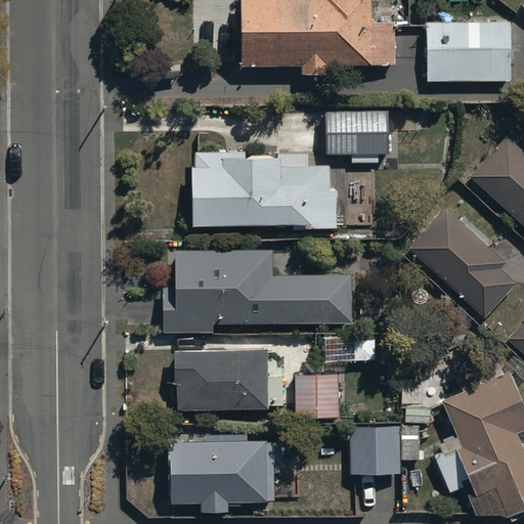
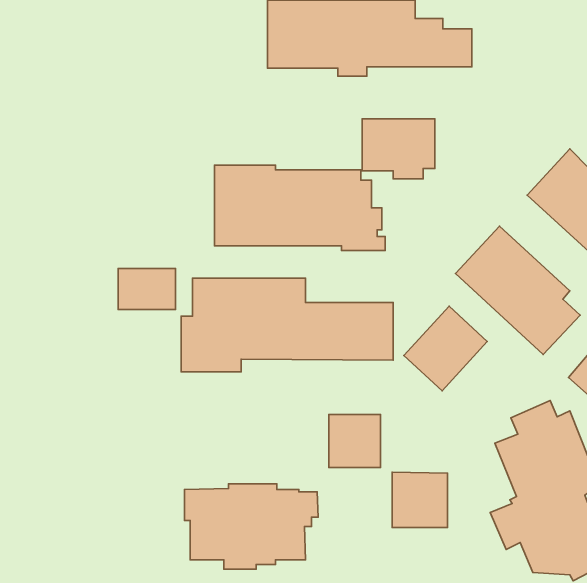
building: [427,11,511,82] -> none
building: none -> [118,268,176,309]
building: none -> [404,306,487,391]
building: [174,348,282,409] -> none

